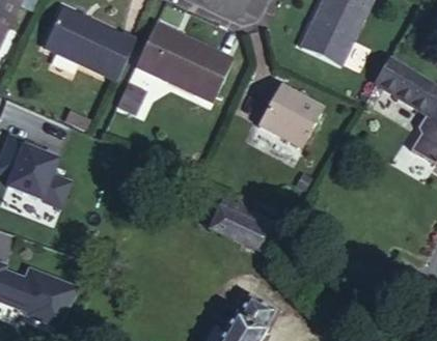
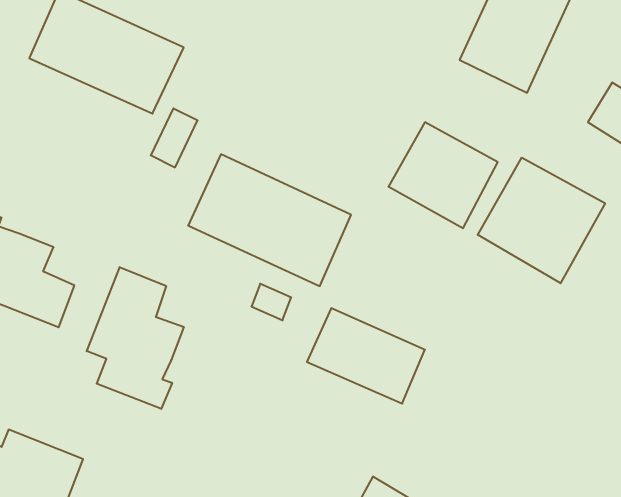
building: [135,23,233,102] -> [188,154,351,286]
building: none -> [478,158,605,283]
building: none -> [87,267,184,409]

